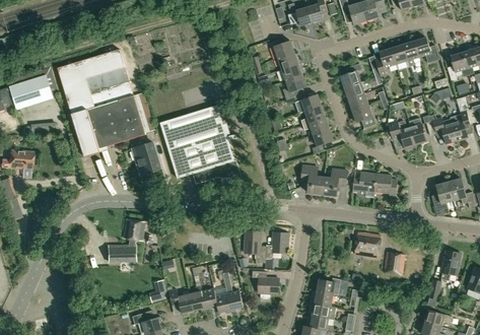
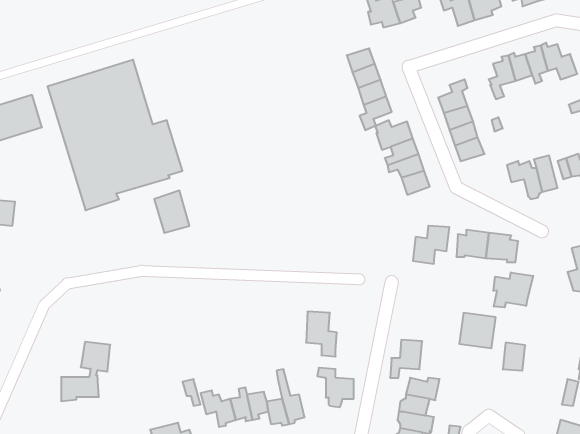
building: [159,105,238,182] -> none
building: [300,164,323,194] -> none
building: none -> [493,272,533,307]
building: [109,219,144,262] -> [61,342,110,401]
building: [265,231,288,259] -> [390,340,422,378]

